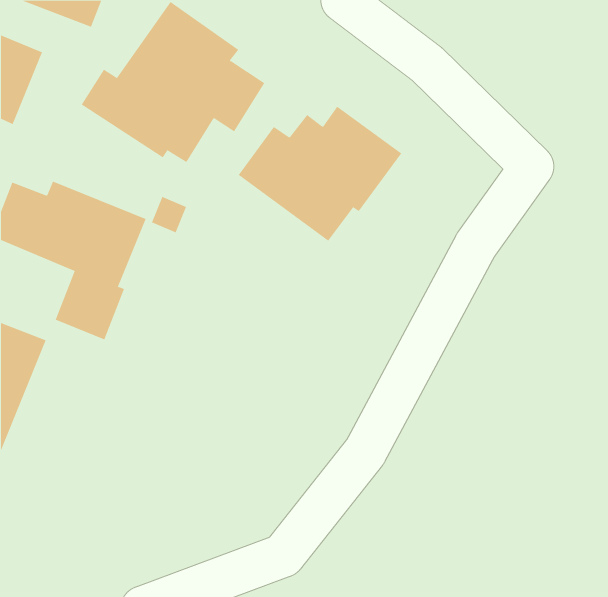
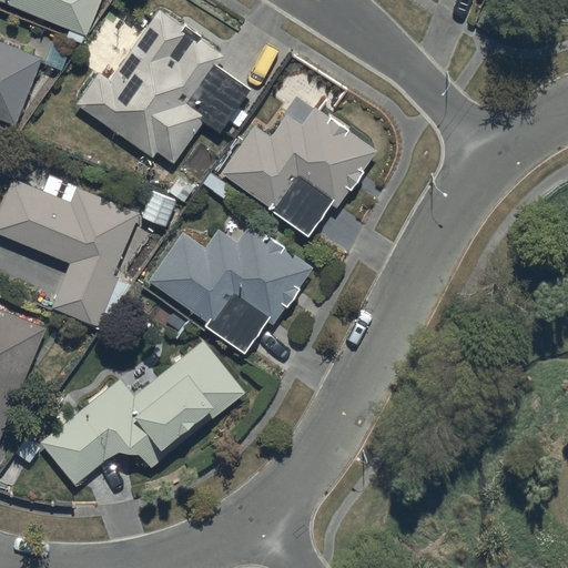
building: none -> [150,225,311,352]
building: none -> [41,342,243,485]

